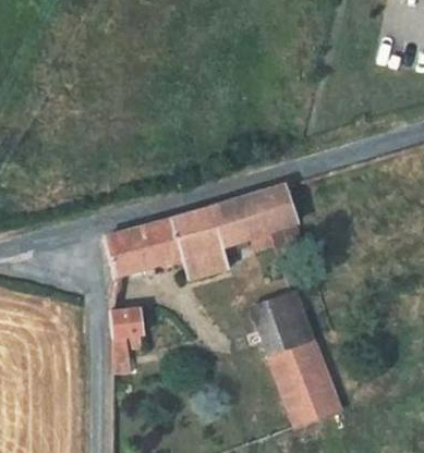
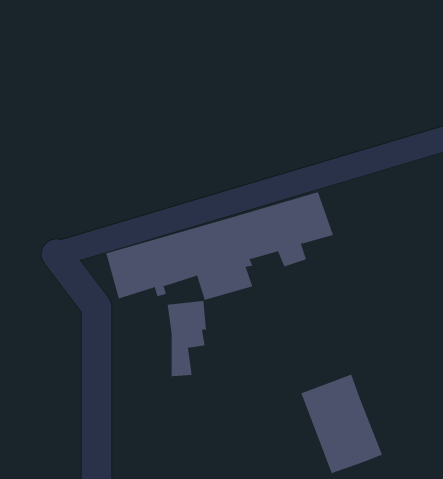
building: [251,289,314,355] -> none
building: [110,307,144,372] -> [167,301,207,378]

